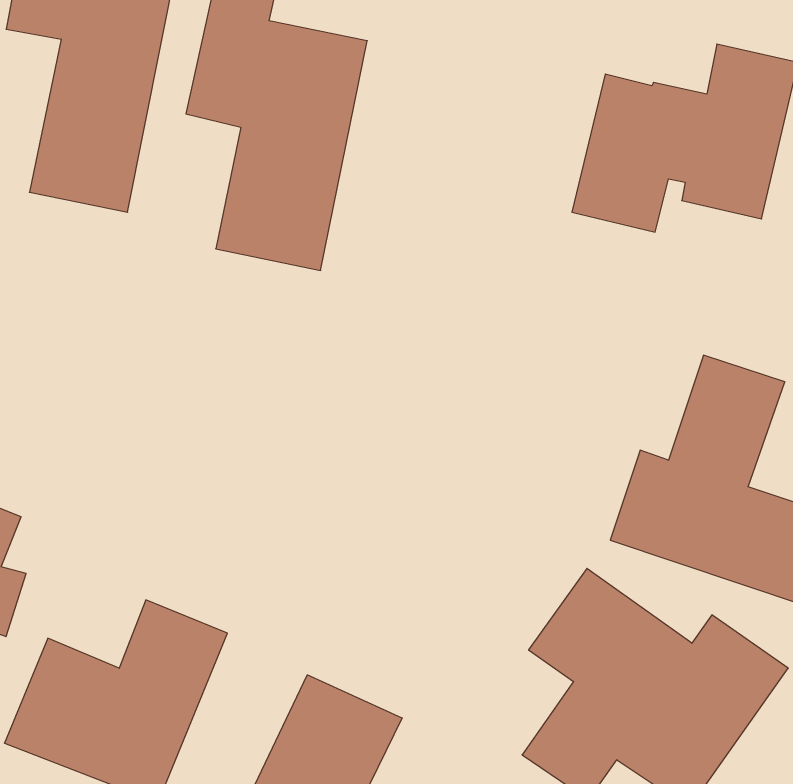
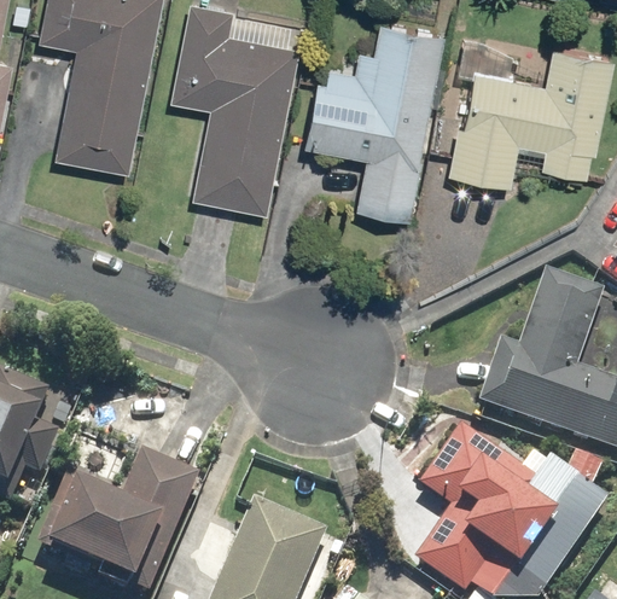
building: none -> [303,23,443,215]

